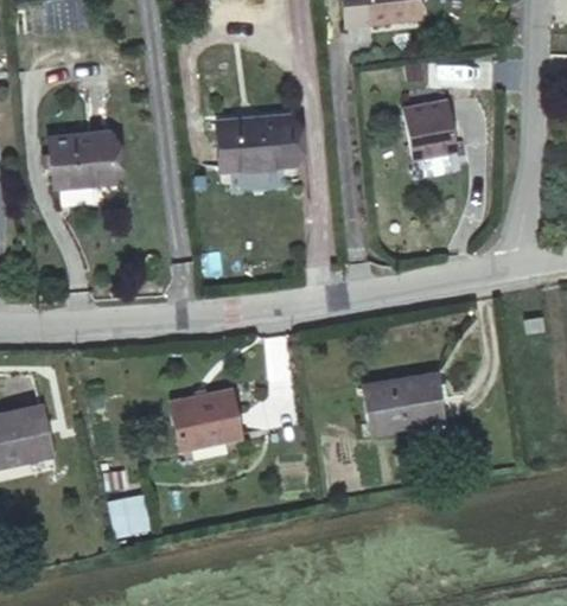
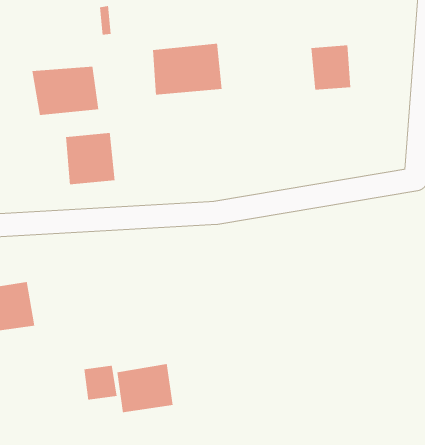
building: none -> [66,132,115,185]
building: [364,376,448,440] -> none
building: [168,388,238,448] -> [116,364,173,413]

